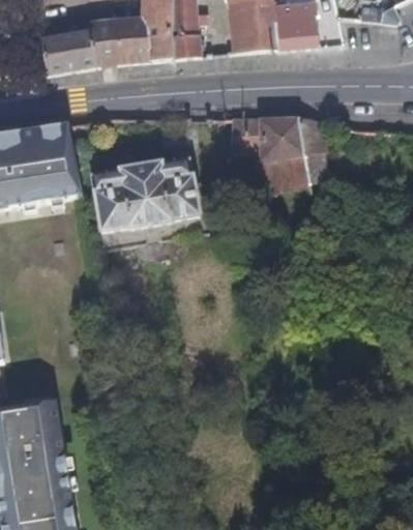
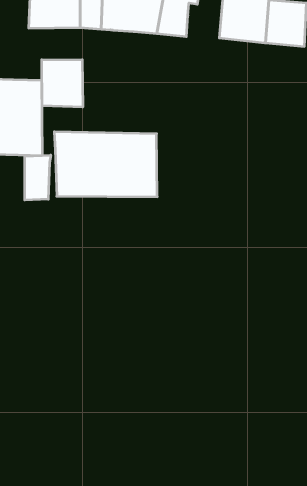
building: none -> [42,60,83,107]
building: [232,116,329,192] -> none
building: none -> [25,155,51,200]

